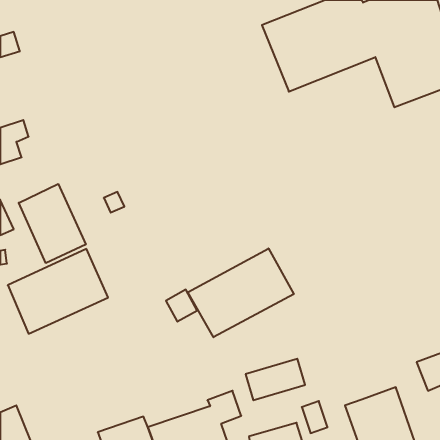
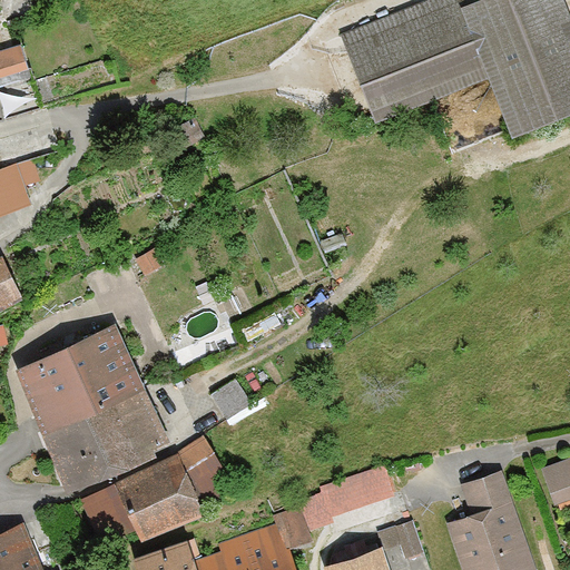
building: [19,184,86,263] -> none
building: [188,248,294,337] -> none
building: none -> [39,385,170,493]
building: none -> [79,439,225,557]
building: none -> [458,471,512,517]

